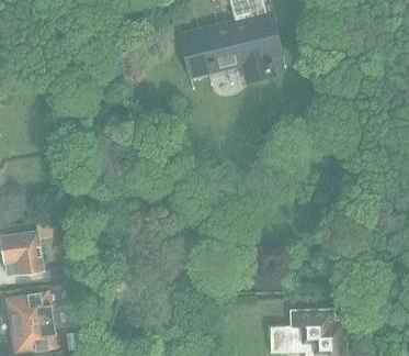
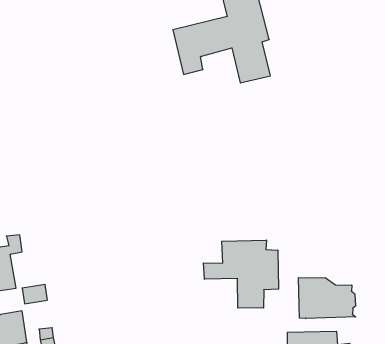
building: none -> [204,240,279,308]
building: none -> [299,278,356,319]

